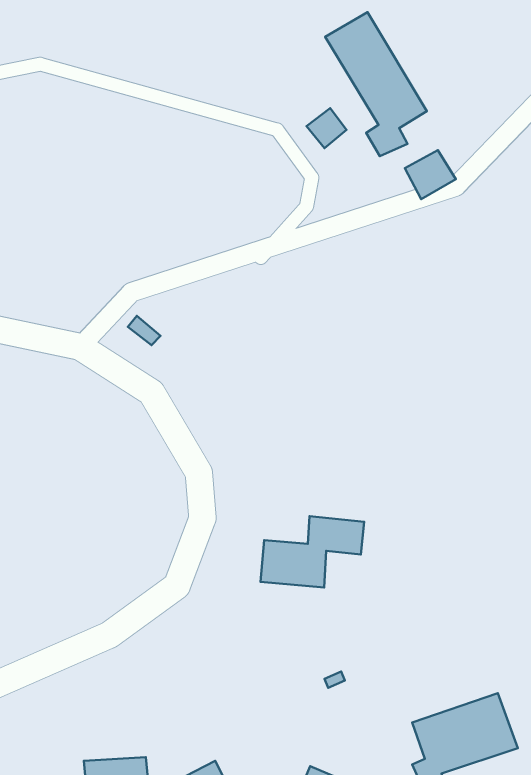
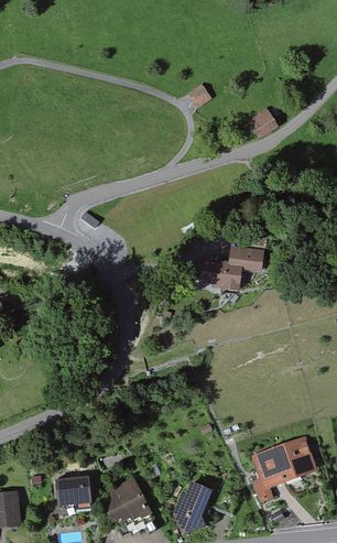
building: [325,12,427,156] -> none
building: [260,516,364,587] -> [199,246,262,289]

